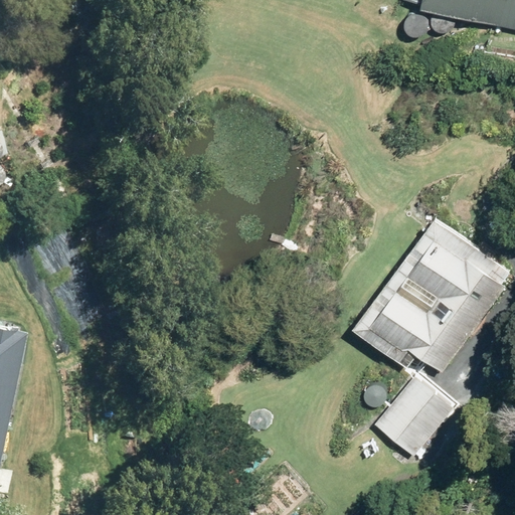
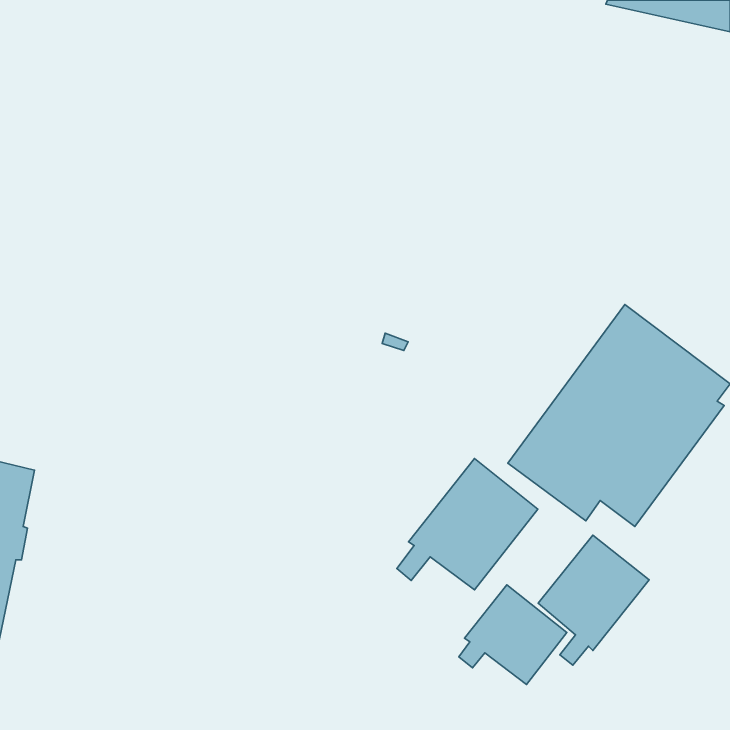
building: none -> [397,459,538,590]
building: none -> [459,585,567,685]

